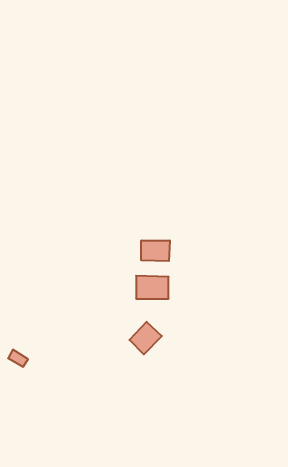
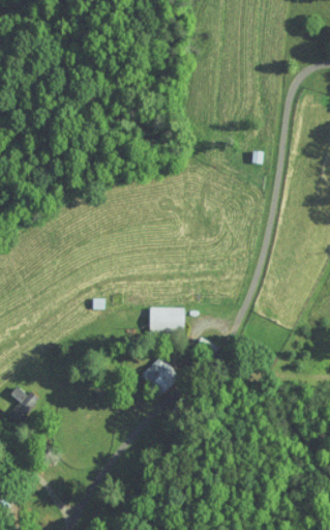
building: [141,240,170,261] -> none

